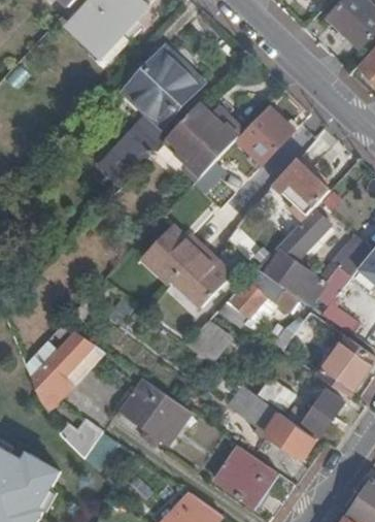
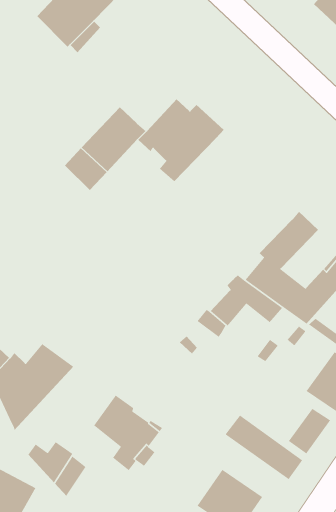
building: [125,45,200,127] -> none
building: [235,106,293,165] -> none
building: [272,160,329,216] -> none
building: [142,228,232,311] -> none

